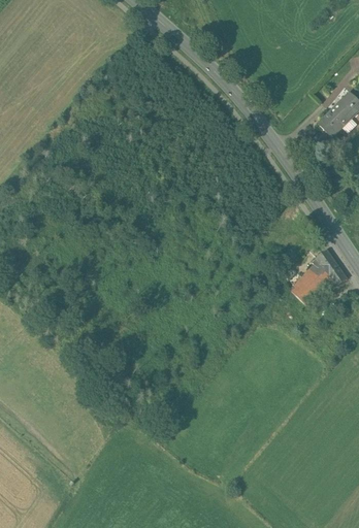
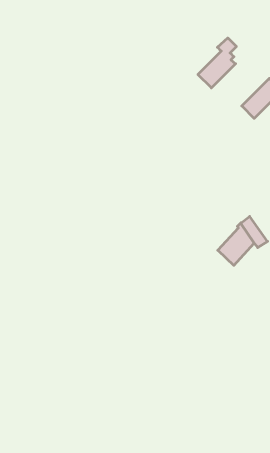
building: none -> [198,38,236,88]

